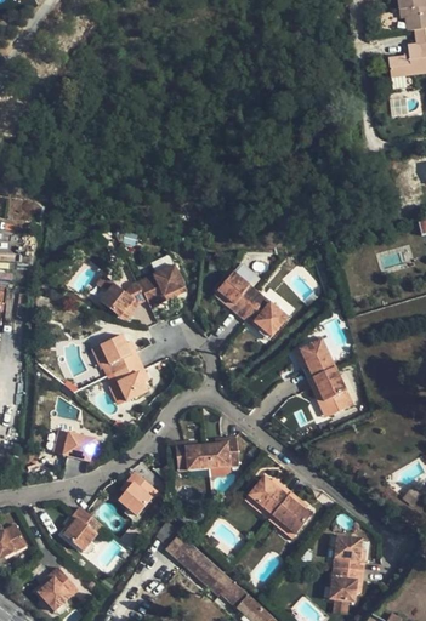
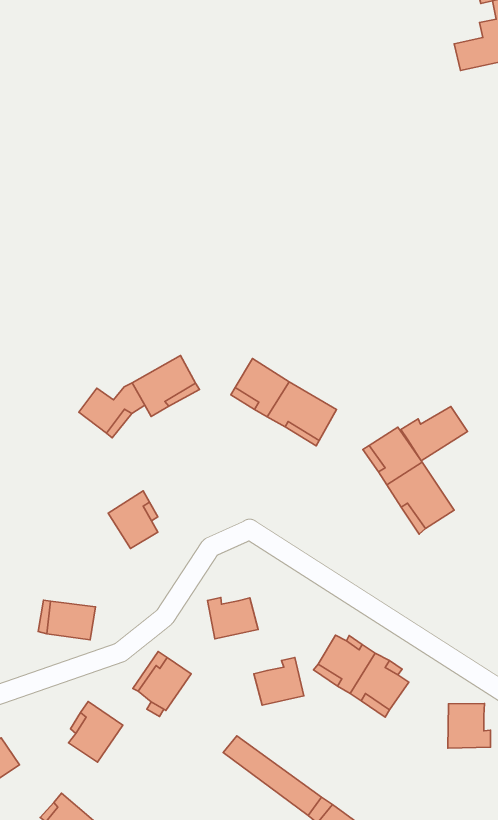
building: none -> [401,406,468,461]
building: [96,334,136,372] -> none
building: [204,434,238,466] -> [254,658,304,705]
building: [331,564,364,598] -> none

